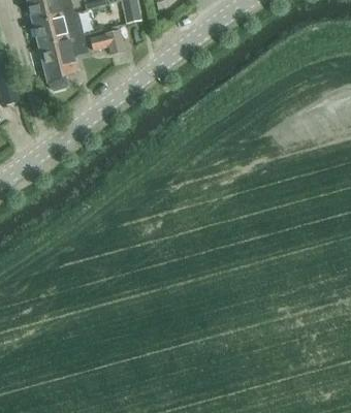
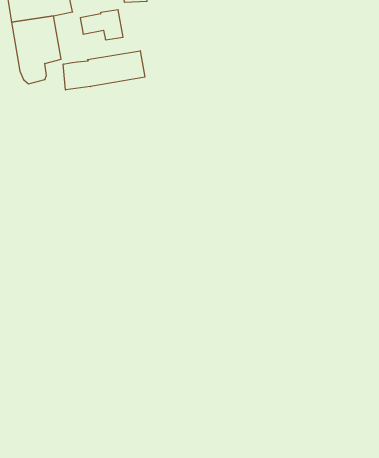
building: none -> [63,51,145,90]

